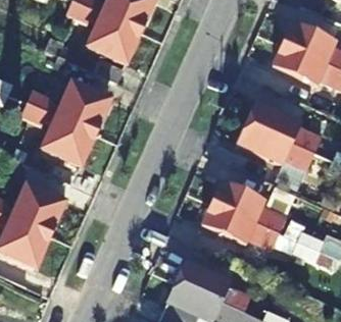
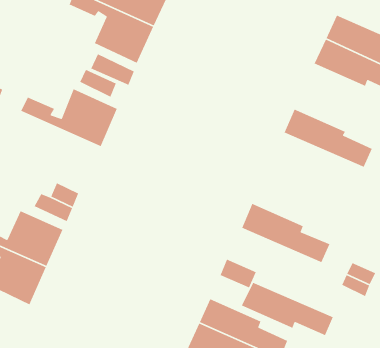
building: [20,103,94,166] -> none
building: [239,121,316,167] -> none
building: [202,202,281,248] -> [241,282,334,336]

